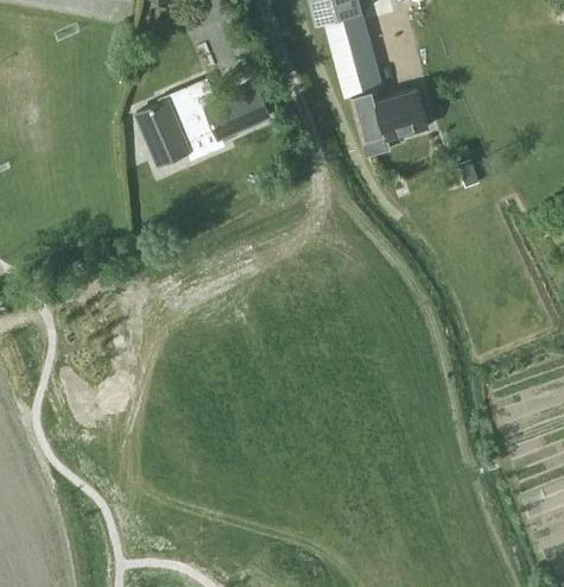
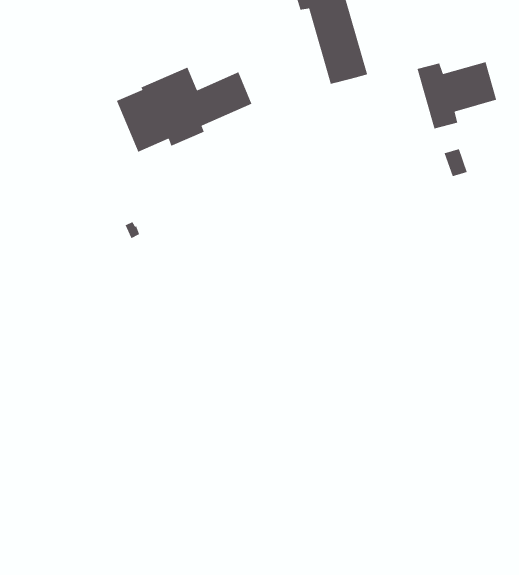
building: [350,89,429,156] -> [417,61,497,129]

